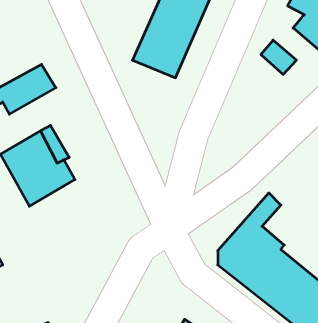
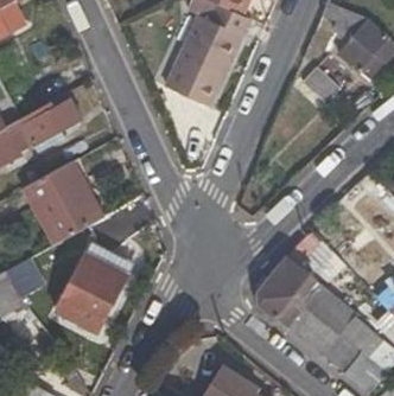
building: none -> [55,254,126,331]

